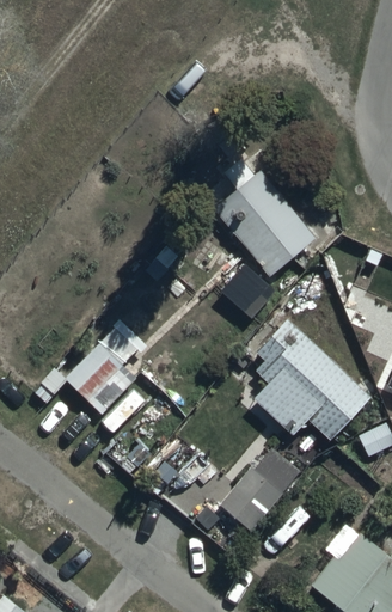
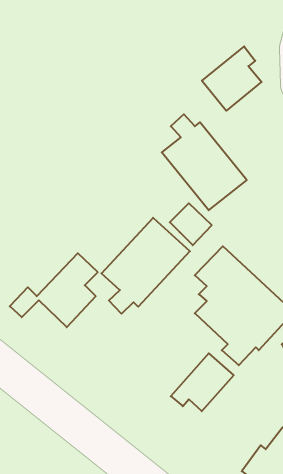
building: none -> [202,46,262,111]
building: none -> [101,218,190,314]

